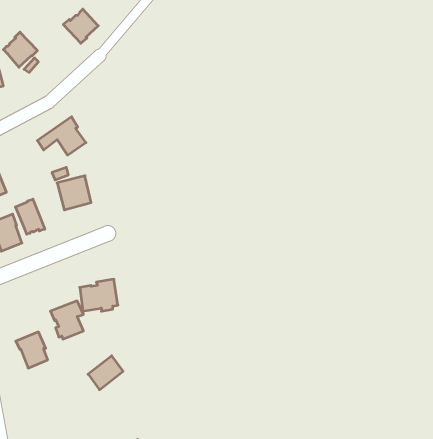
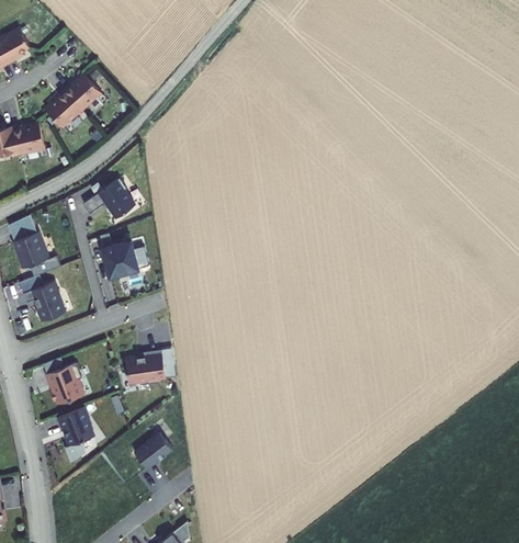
building: [63,9,98,43] -> [63,72,100,109]
building: [15,199,45,234] -> none
building: [50,301,83,339] -> [47,363,82,404]

